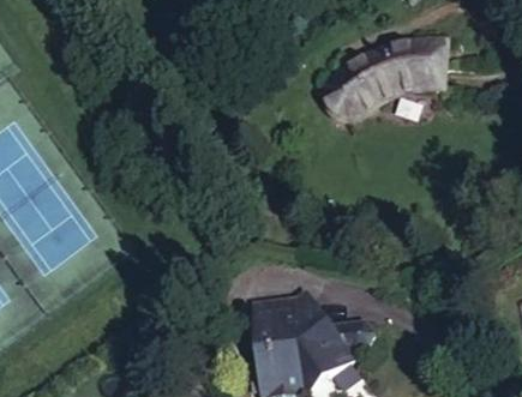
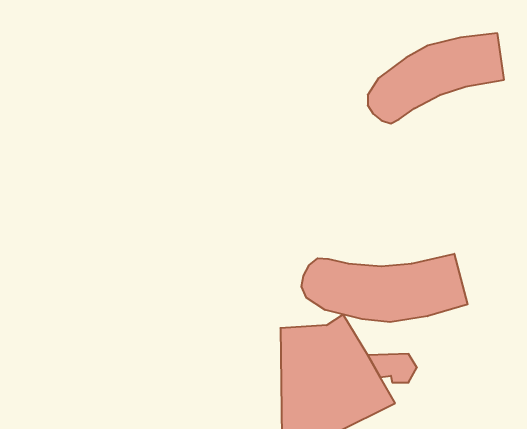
building: none -> [302,254,468,322]

